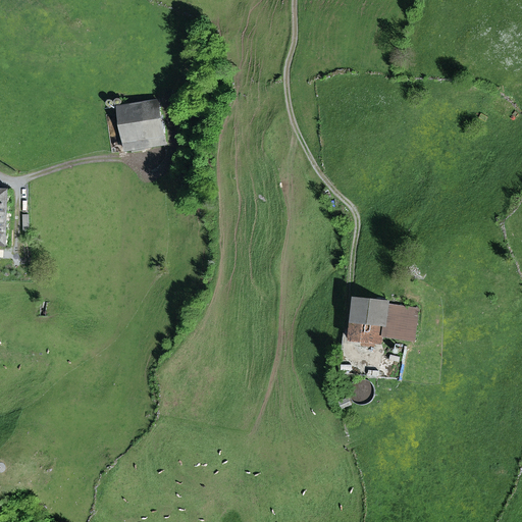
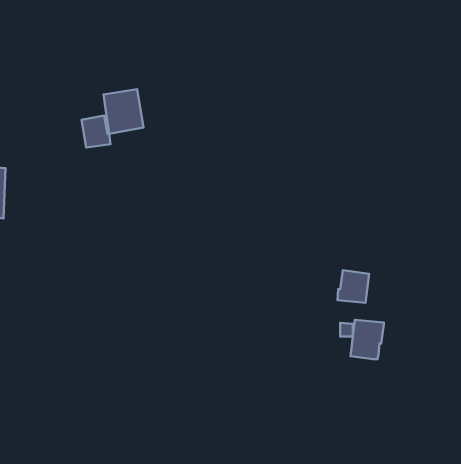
building: none -> [81,116,110,147]
building: [347,298,384,342] -> [350,320,384,359]

